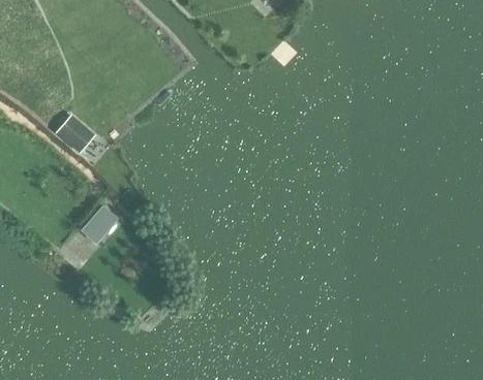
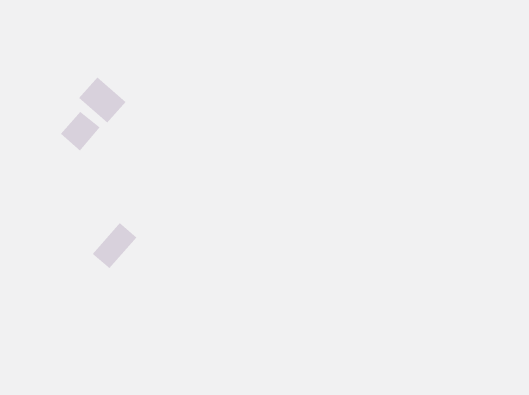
building: none -> [78,76,127,124]

